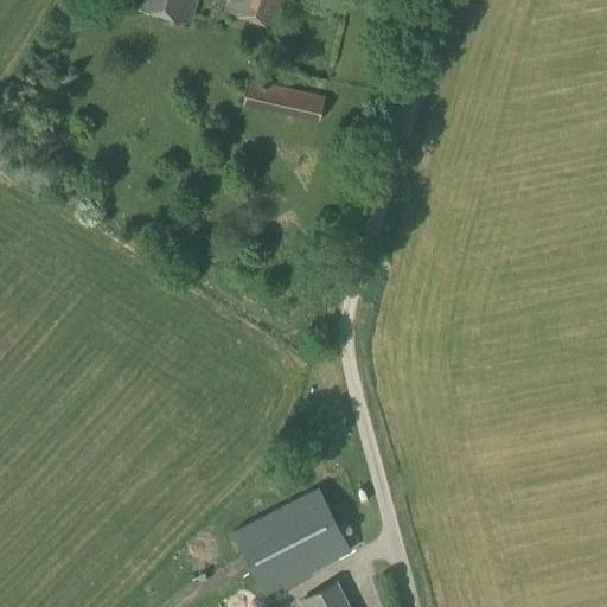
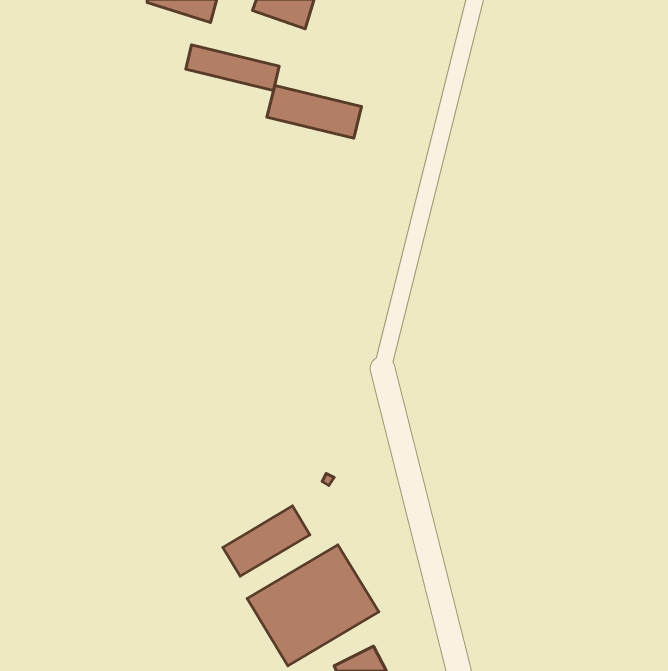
building: none -> [186,45,279,90]
building: none -> [223,506,310,576]

